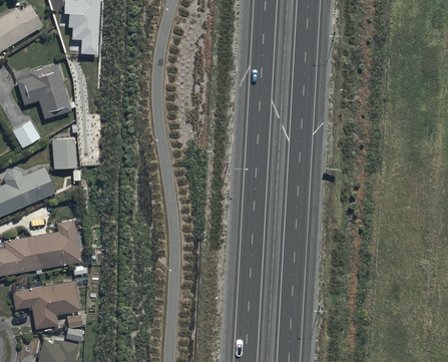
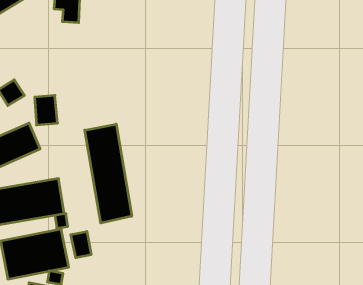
building: [17,63,70,118] -> none
building: none -> [85,124,132,223]
building: none -> [71,231,91,258]

